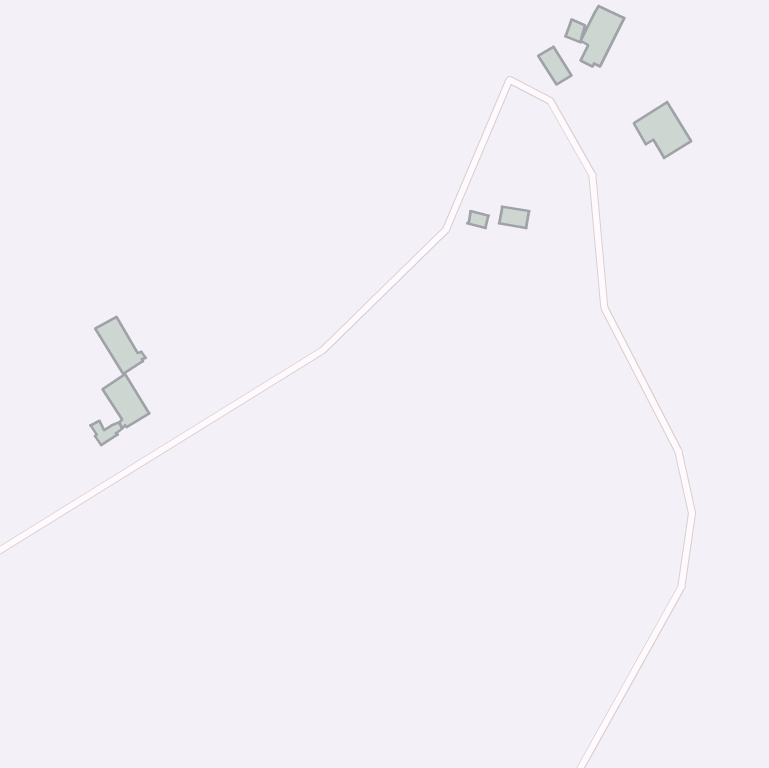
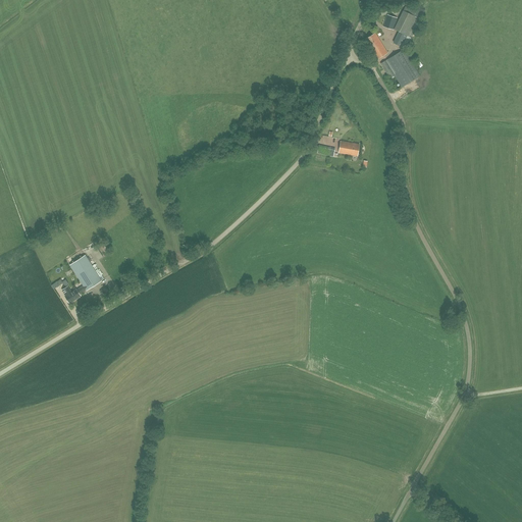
building: [634,102,691,158] -> [380,48,419,86]
building: [95,317,146,374] -> none

